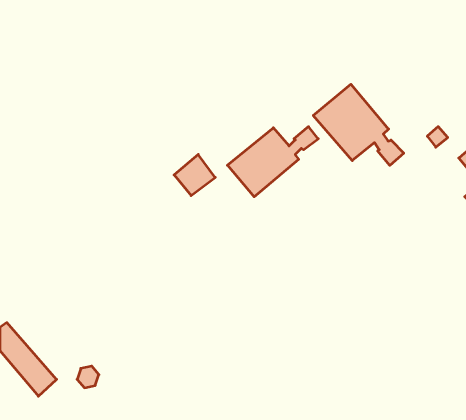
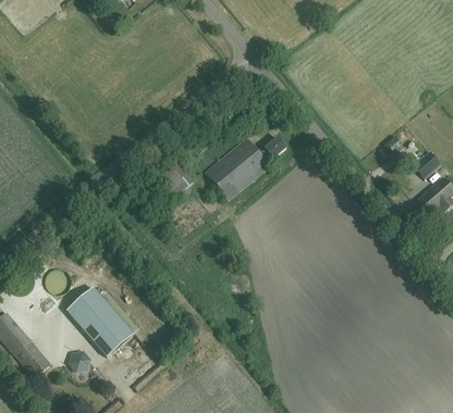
building: [313,84,404,165] -> none
building: none -> [66,287,133,356]

